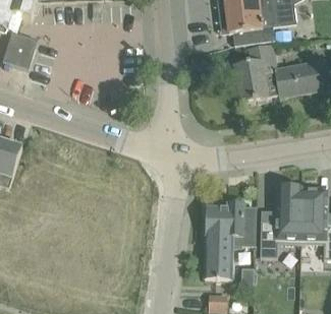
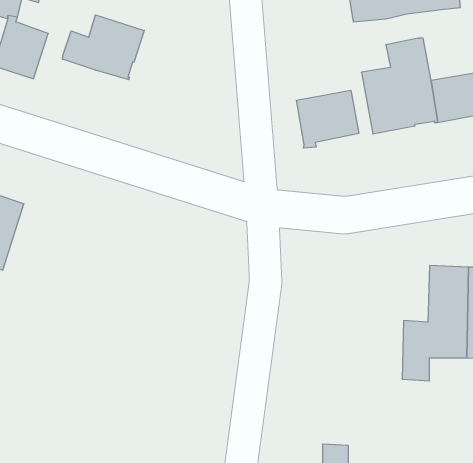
building: none -> [62,15,144,80]
building: none -> [297,90,359,148]
building: [205,198,257,280] -> none

